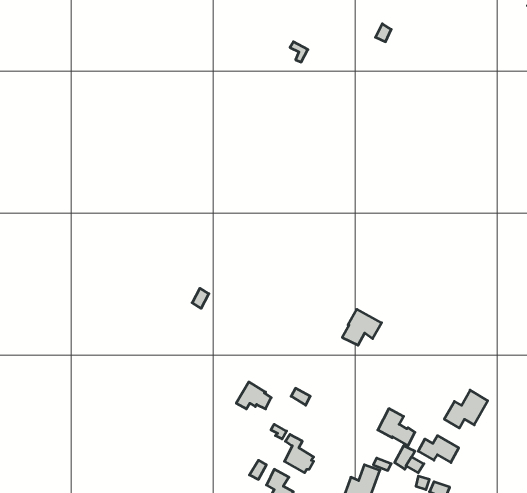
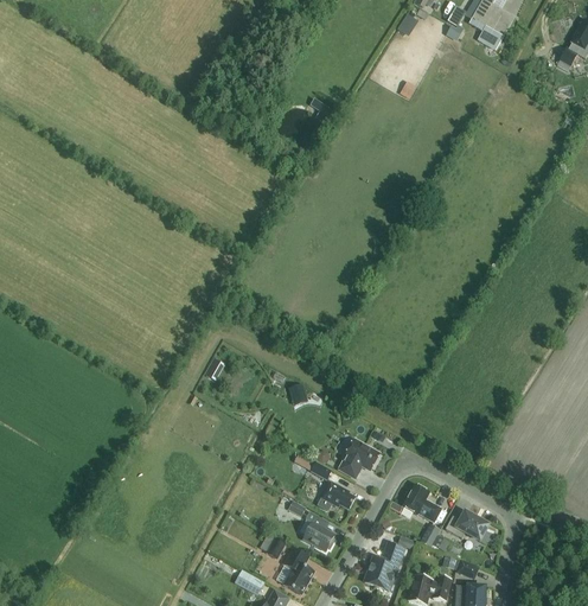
building: [342,309,382,345] -> [338,440,379,478]
building: [236,382,271,409] -> [318,481,354,510]
building: [444,390,488,428] -> none

